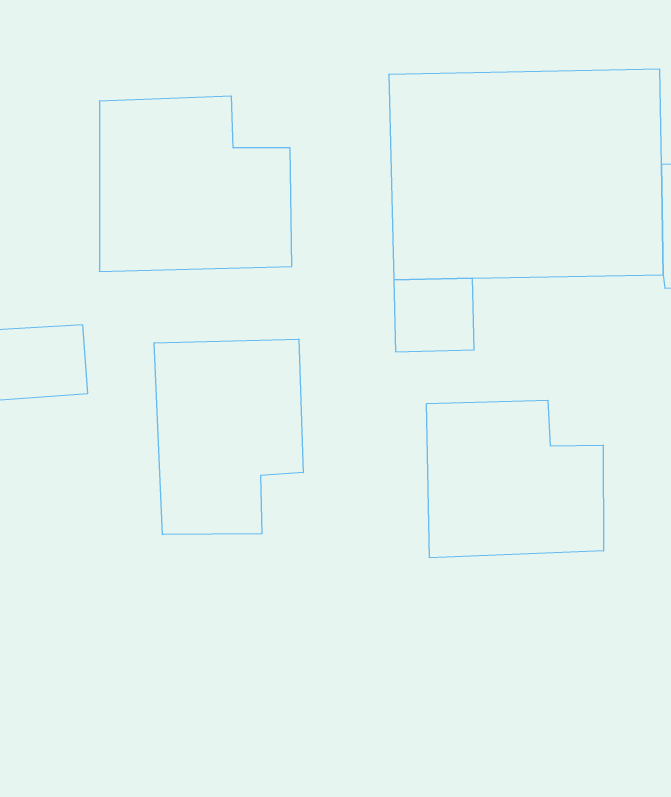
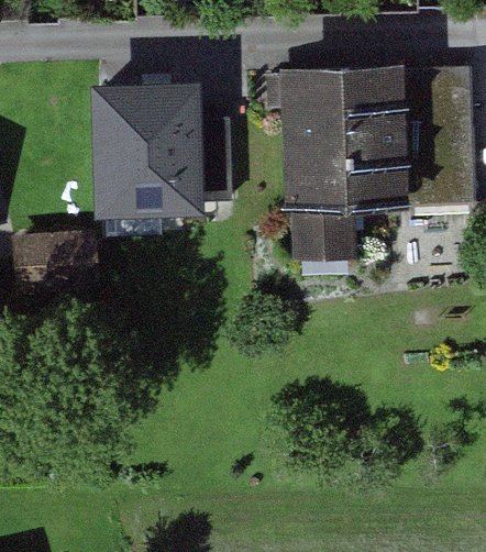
building: [154,339,303,535] -> none
building: [427,400,604,558] -> none

